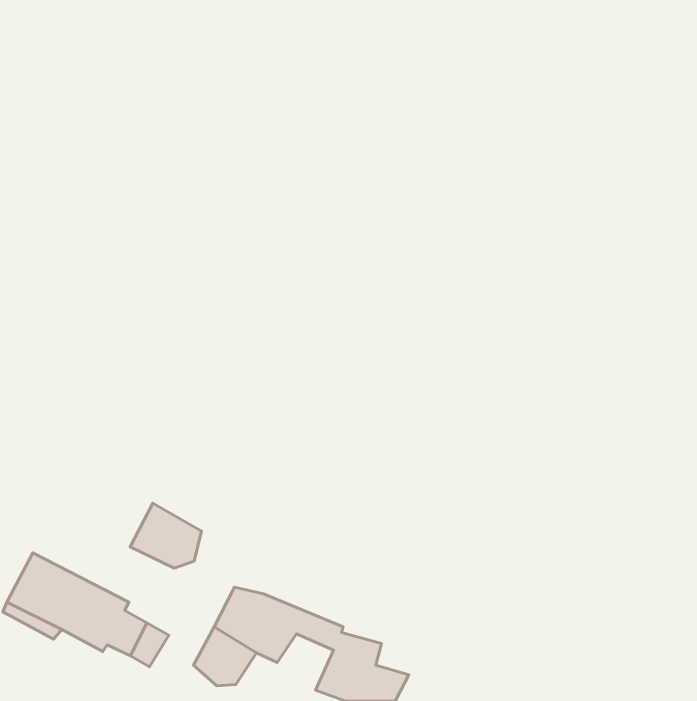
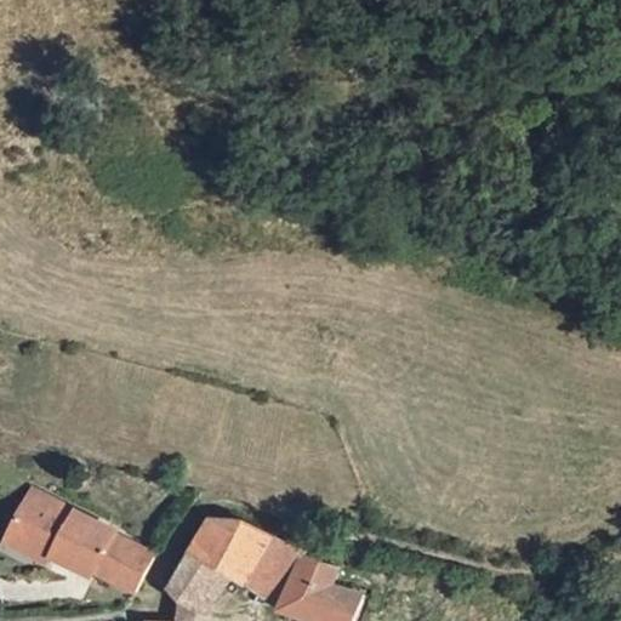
building: [130,503,202,568] -> none
building: none -> [245,560,295,610]

